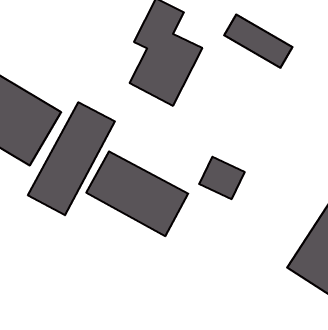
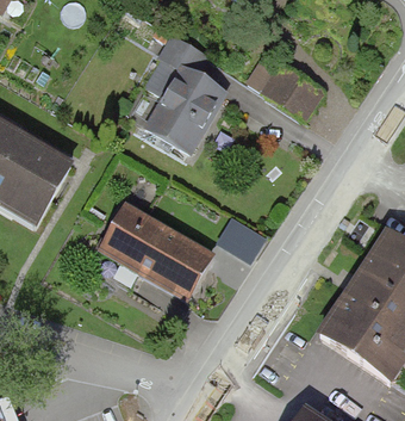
building: [28,102,115,215] -> none

